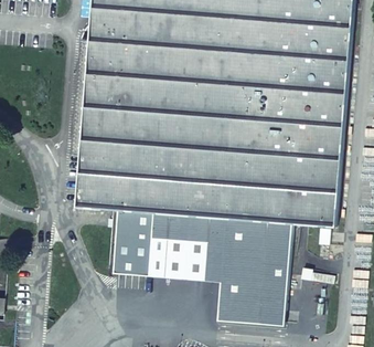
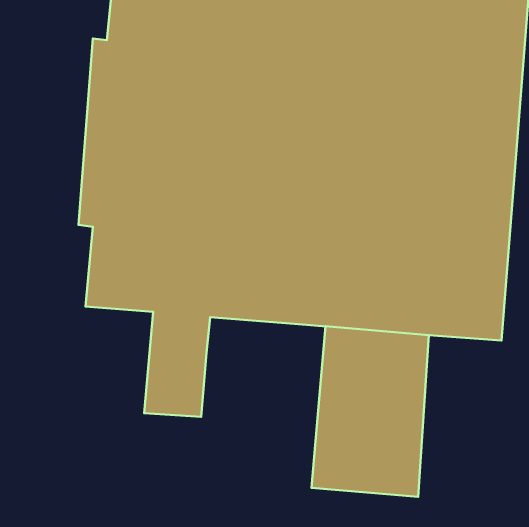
building: [148,213,225,281] -> none

